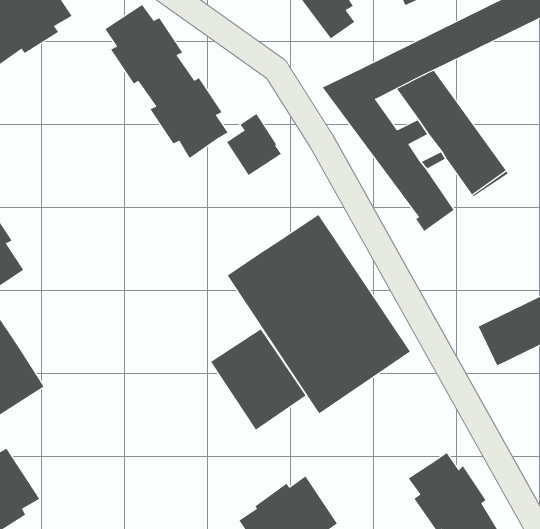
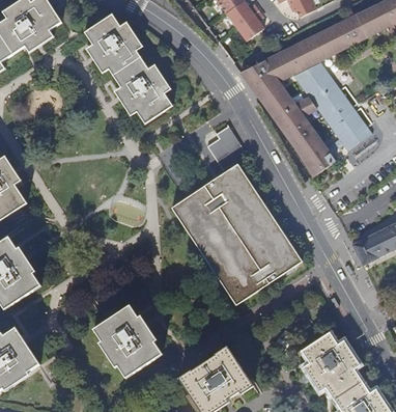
building: [226,113,282,176] -> [207,125,247,169]
building: [210,328,306,431] -> [94,305,163,378]

